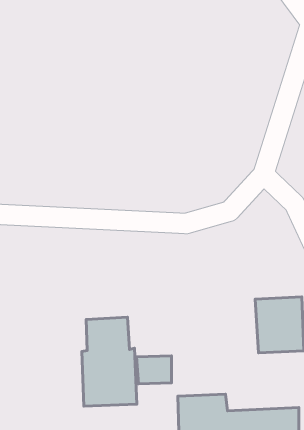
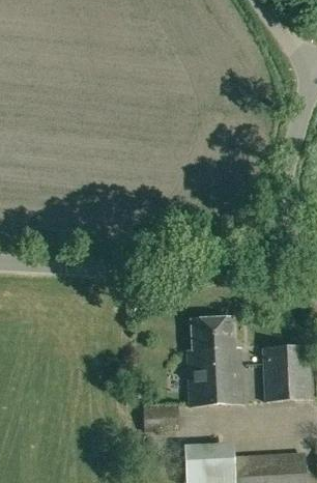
building: [82,317,137,406] -> [188,317,242,406]

